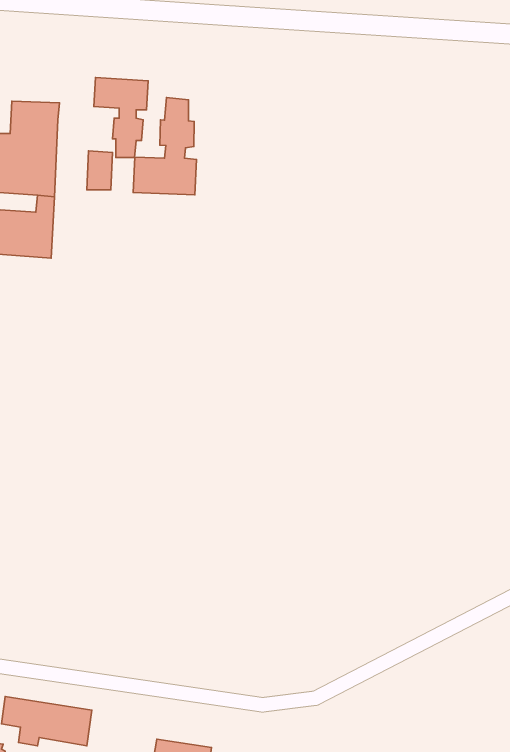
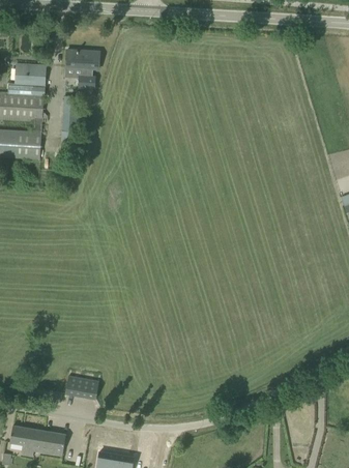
building: [133,97,197,195] -> none
building: none -> [65,376,99,399]

